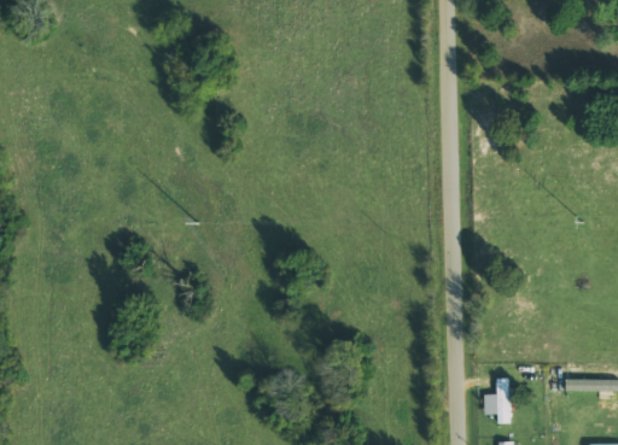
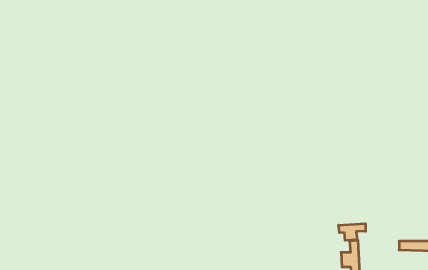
building: none -> [339,224,366,240]

